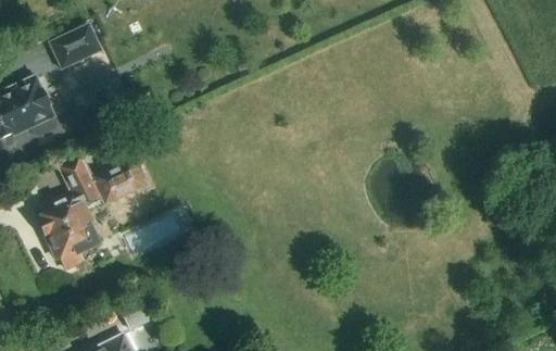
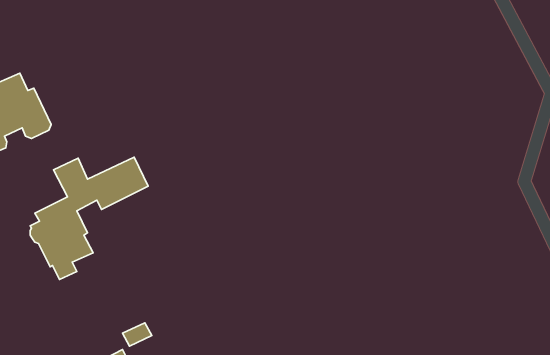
building: [49,26,101,70] -> none

